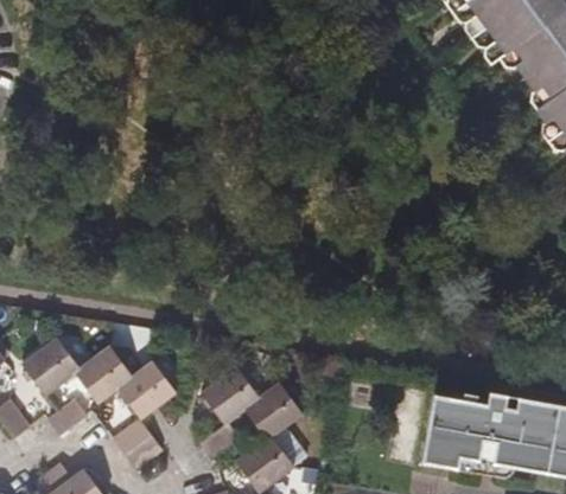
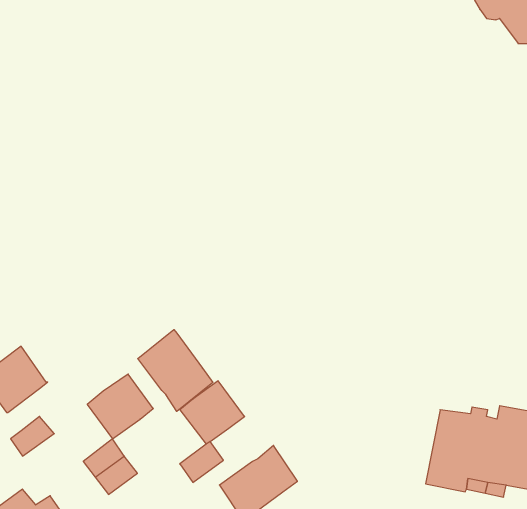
building: none -> [138,330,213,411]
building: [76,347,133,404] -> none
building: [246,384,301,440] -> none

